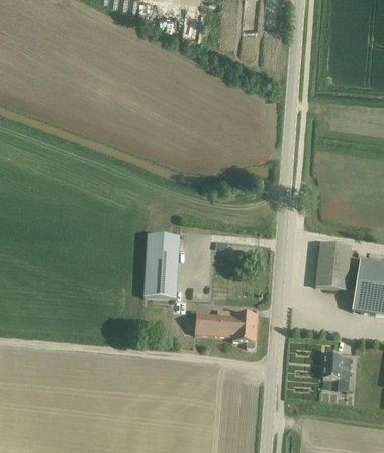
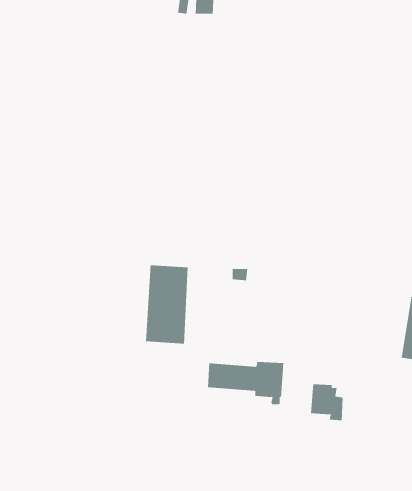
building: [315,244,351,289] -> none
building: [322,354,350,384] -> [310,384,344,421]

